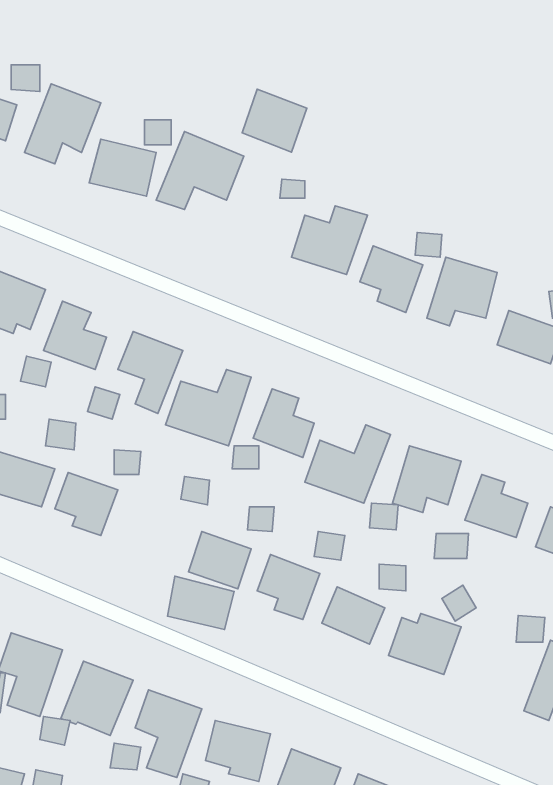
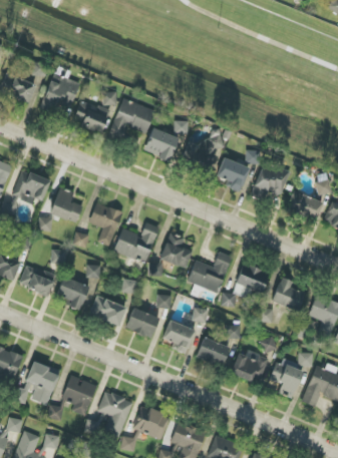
building: [242,89,307,152] -> [143,127,178,160]
building: [167,576,234,629] -> [90,297,125,325]
building: none -> [270,362,302,398]

